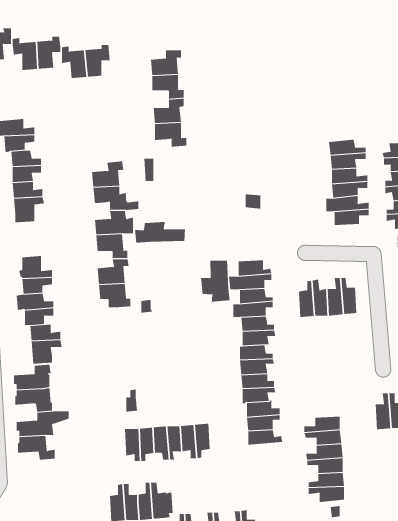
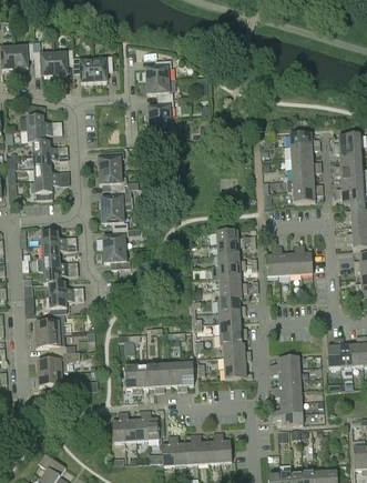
building: [135,221,185,243] -> none
building: [201,260,230,303] -> none

